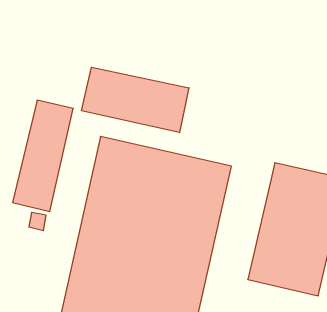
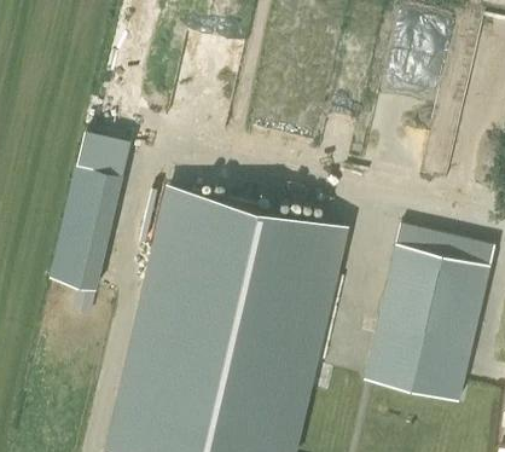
building: [82,67,189,133] -> none

